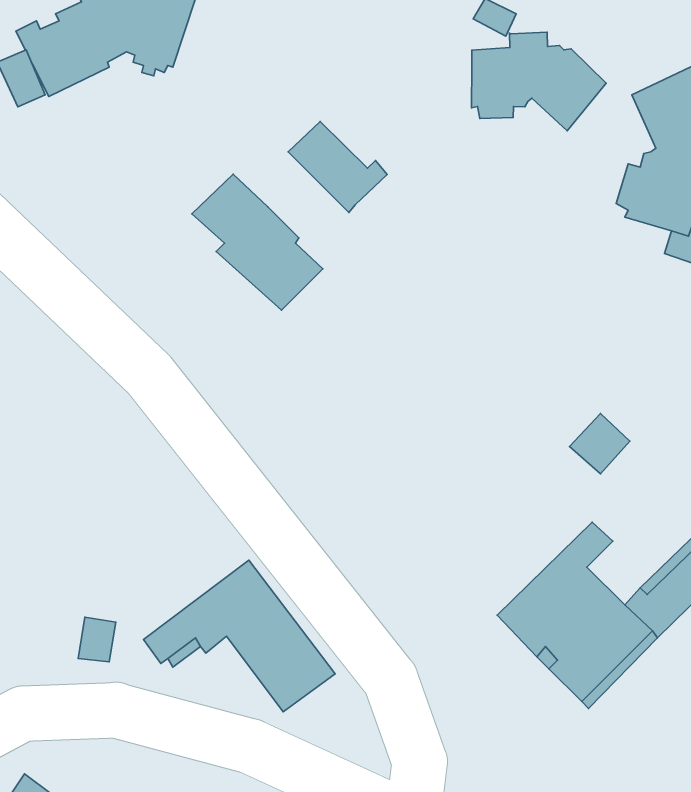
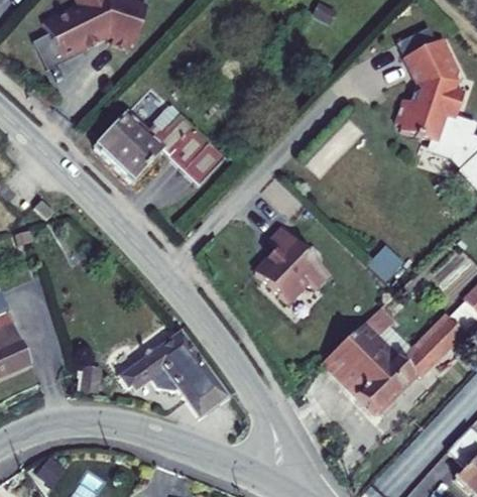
building: [471,32,606,131] -> none
building: [288,122,387,212] -> none
building: none -> [94,111,165,181]
building: none -> [254,230,331,307]

